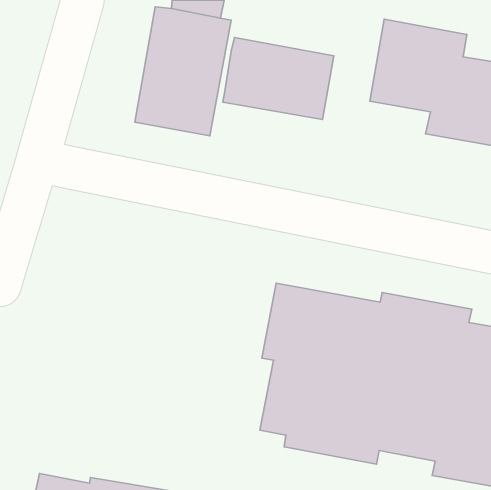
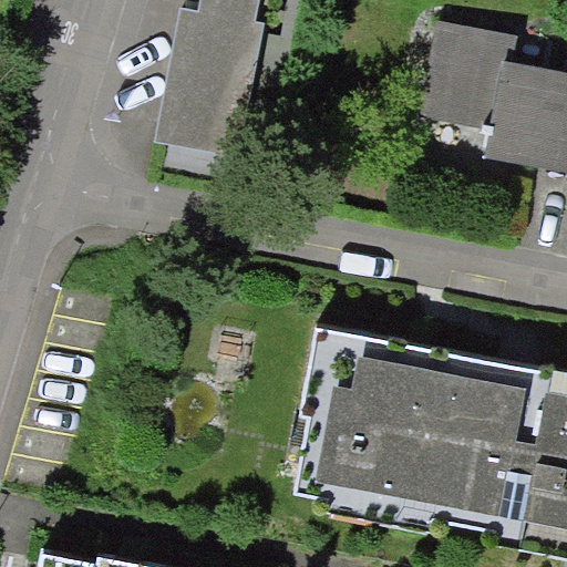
building: [223,37,334,120] -> none

